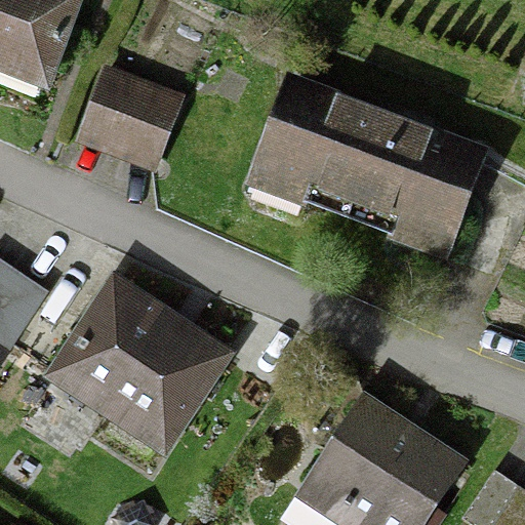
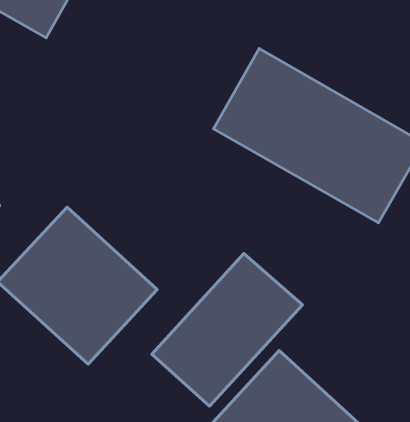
building: [81,73,196,181] -> none
building: none -> [152,254,303,406]

